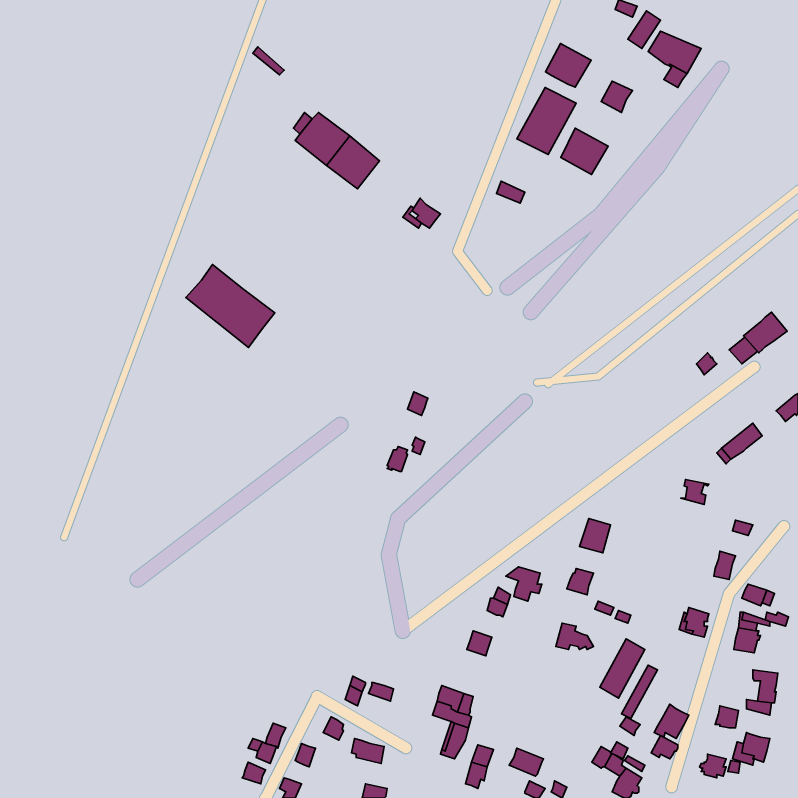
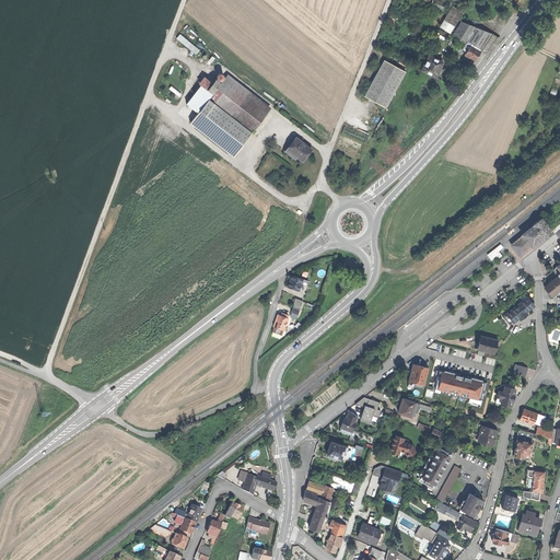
building: [545,44,591,87] -> none
building: [561,128,608,174] -> none
building: [186,265,275,347] -> [188,98,250,156]
building: none -> [433,370,487,400]
building: none -> [372,466,401,493]

